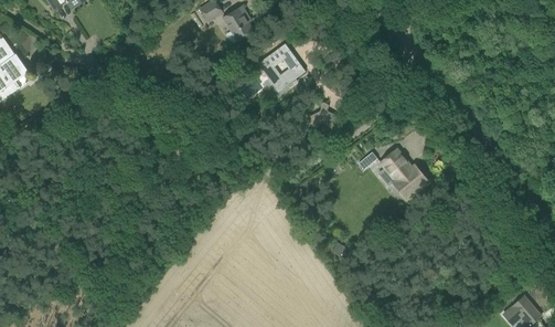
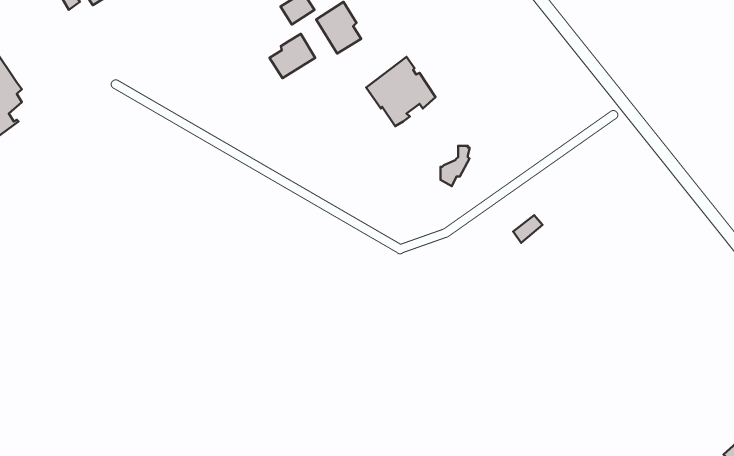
building: none -> [269,34,315,78]
building: [380,148,428,200] -> none

